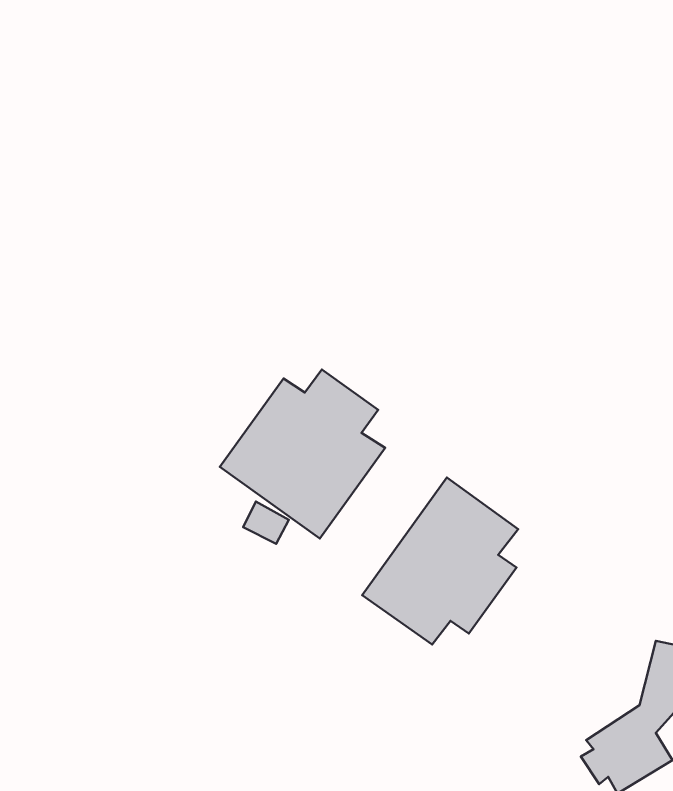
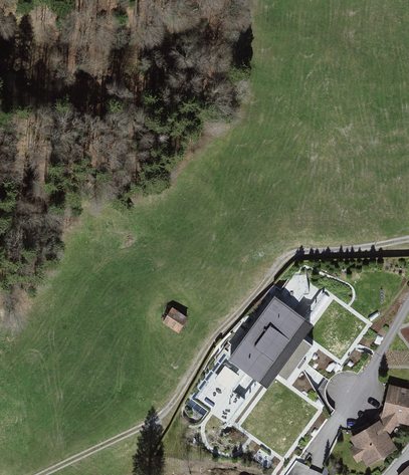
building: [220,370,385,539] -> none

